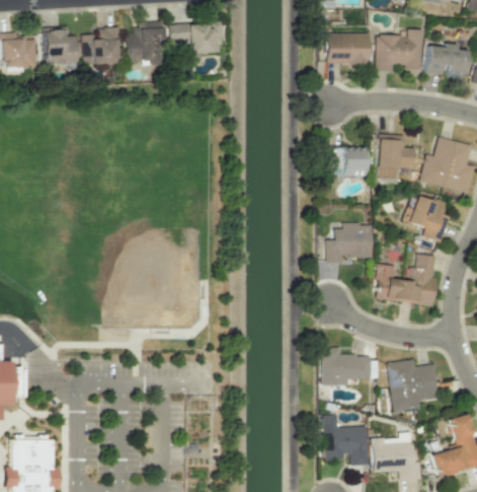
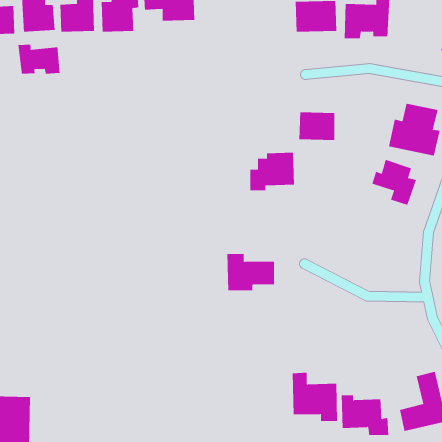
building: [426,44,468,78] -> none
building: none -> [18,44,60,75]
building: [377,135,414,178] -> none
building: [326,223,373,263] -> [249,152,295,191]
building: [375,254,438,305] -> none
building: [321,347,371,385] -> [227,253,275,291]
building: [387,359,439,412] -> none

